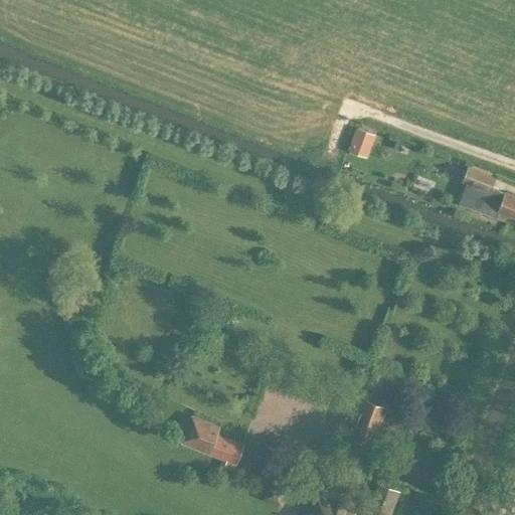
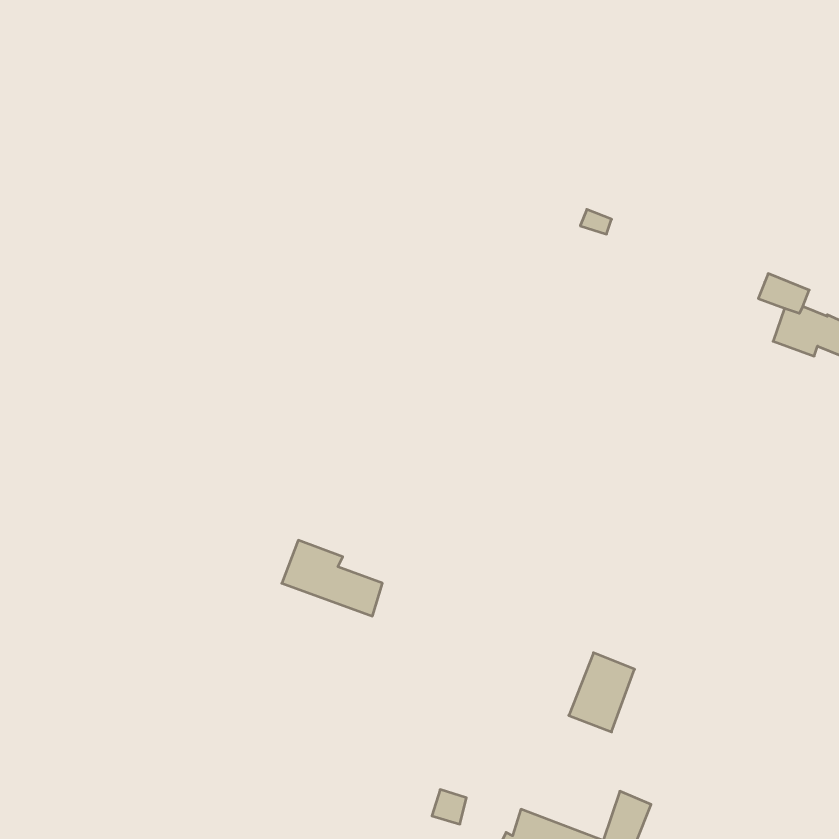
building: [183,420,244,467] -> [282,540,382,616]

